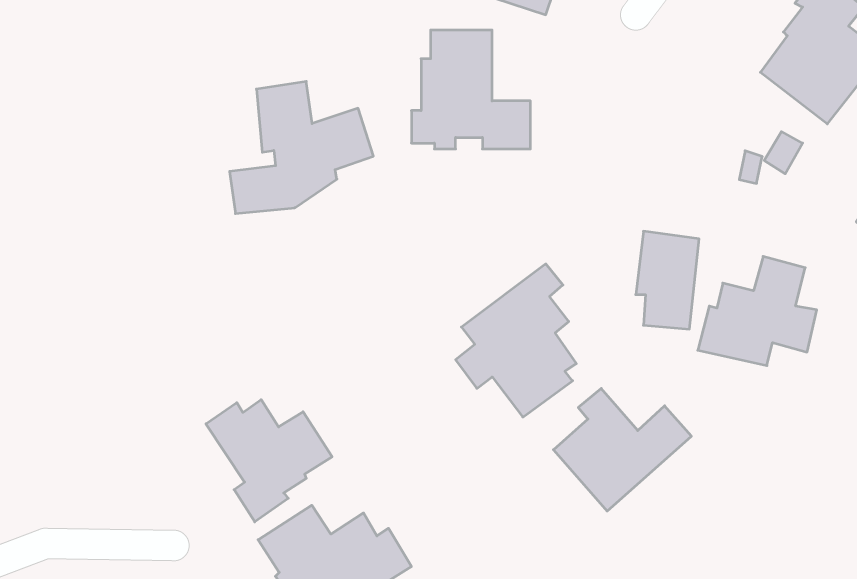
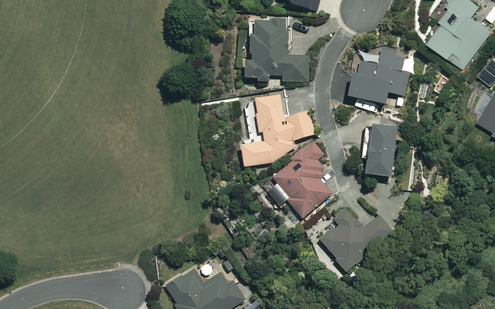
building: [230,81,373,214] -> [240,95,315,165]
building: [698,256,817,366] -> [347,46,410,103]
building: [206,400,332,522] -> none

